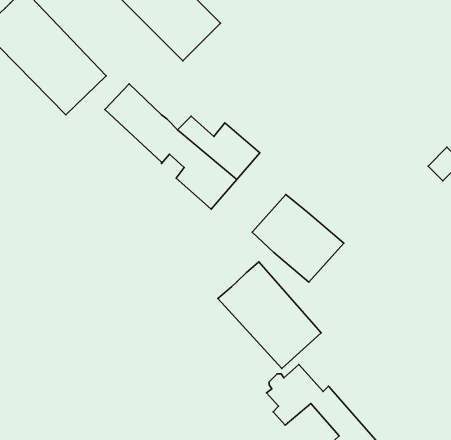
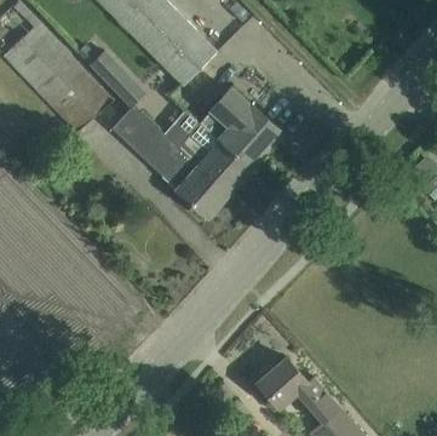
building: none -> [77,44,144,107]
building: [252,195,344,282] -> [200,88,282,167]
building: [218,262,321,368] -> none

